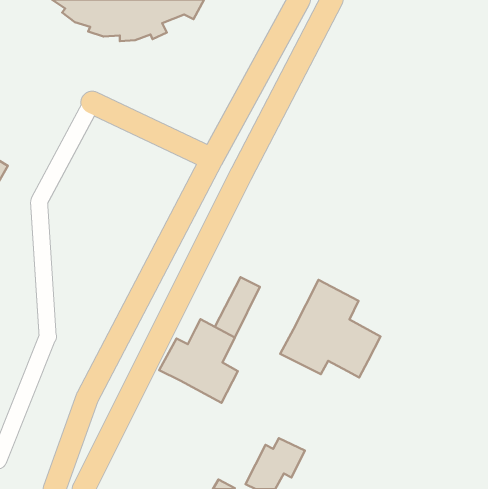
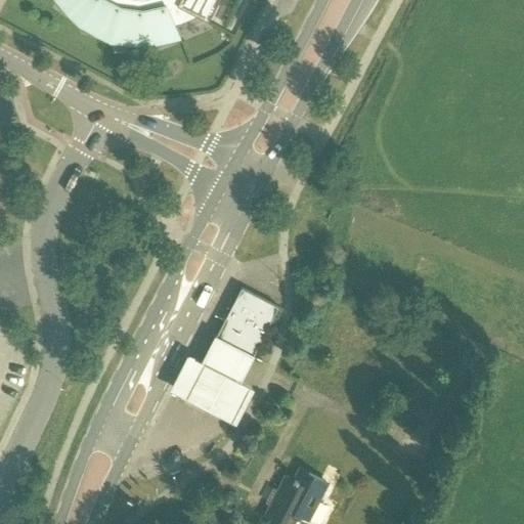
building: none -> [214,287,257,349]
building: [280,280,380,378] -> none

